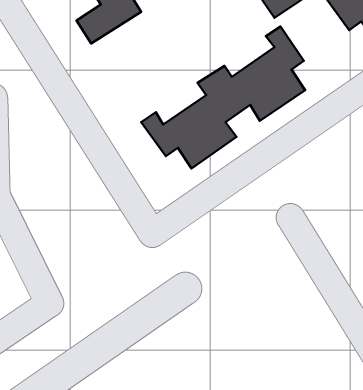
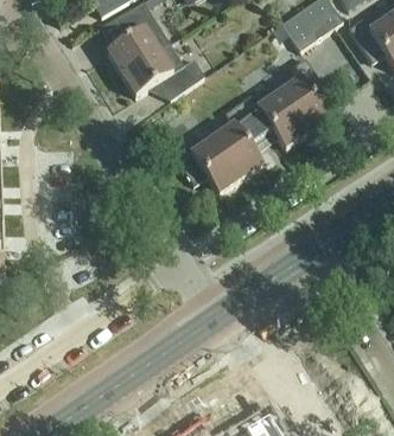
building: none -> [121,43,203,98]

